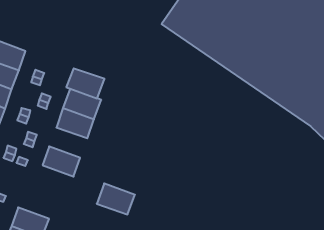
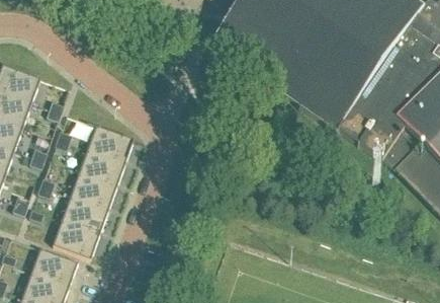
building: [66,68,105,98] -> [70,171,117,209]
building: [97,183,135,214] -> [53,218,100,256]
building: none -> [31,246,78,285]

